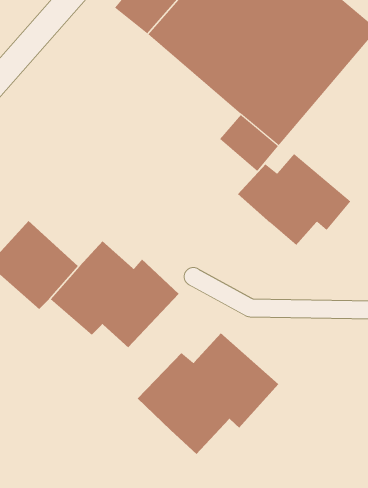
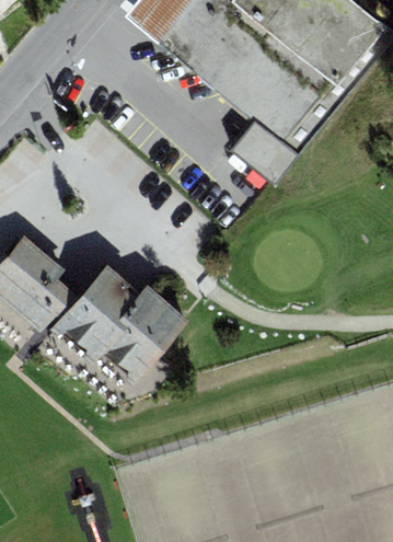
building: [237,153,351,246] -> none
building: [137,332,279,455] -> none

